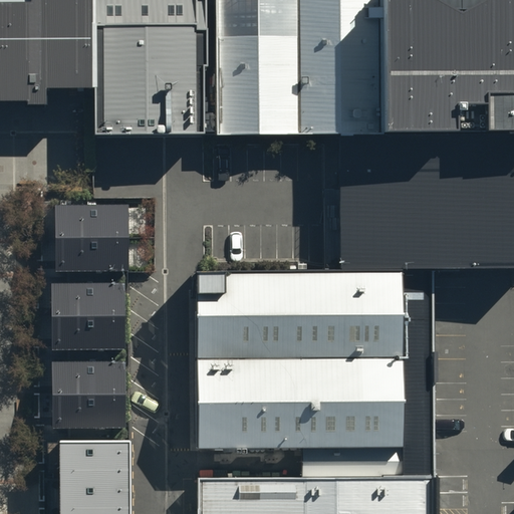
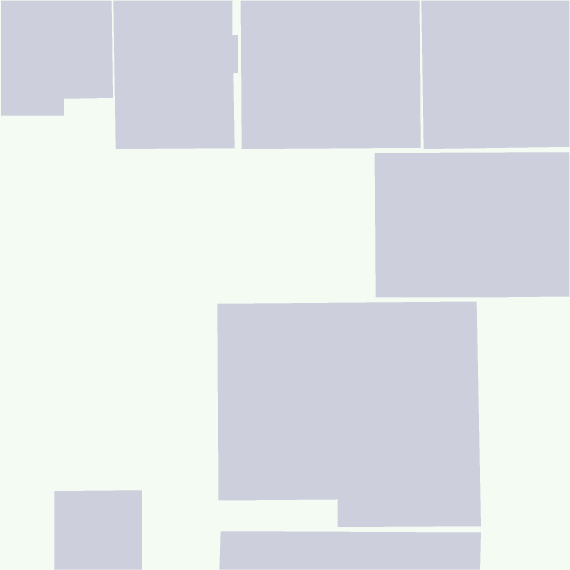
building: [54,204,128,272] -> none
building: [51,283,123,350] -> none
building: [52,362,123,429] -> none

